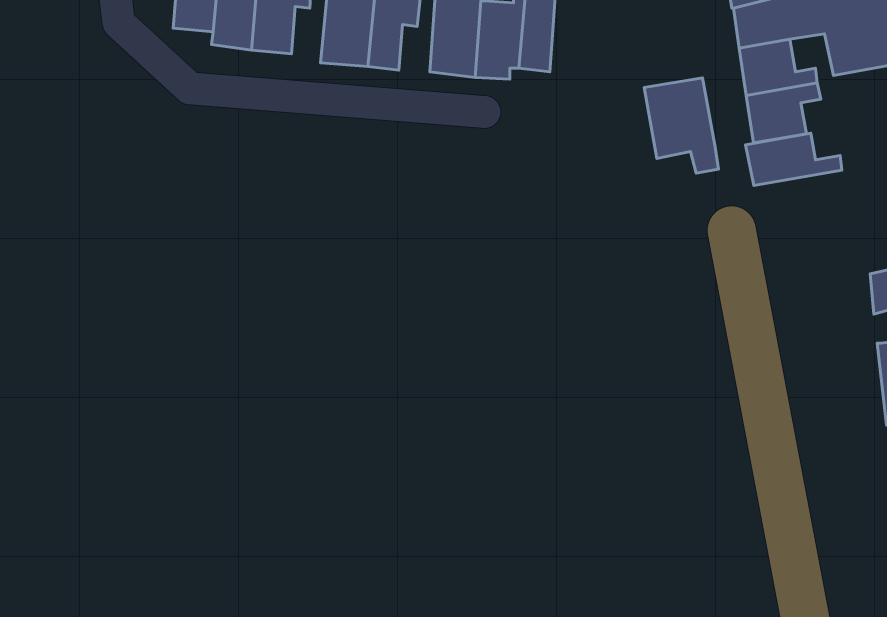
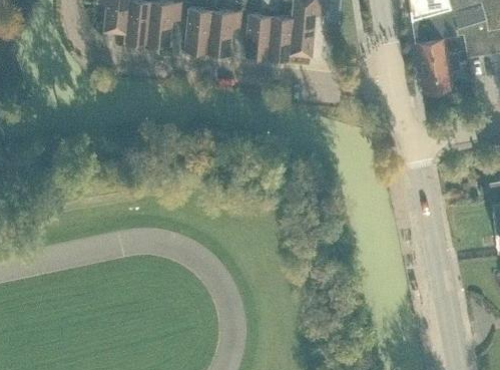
building: [644,78,718,173] -> none
building: [745,133,842,185] -> none

